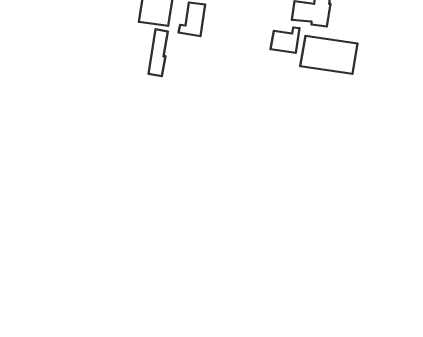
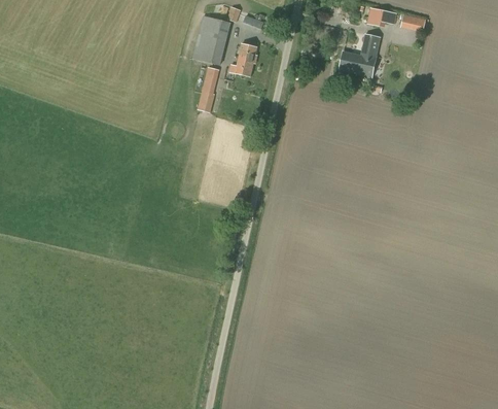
building: [271,28,299,53] -> none
building: [300,36,358,74] -> none

